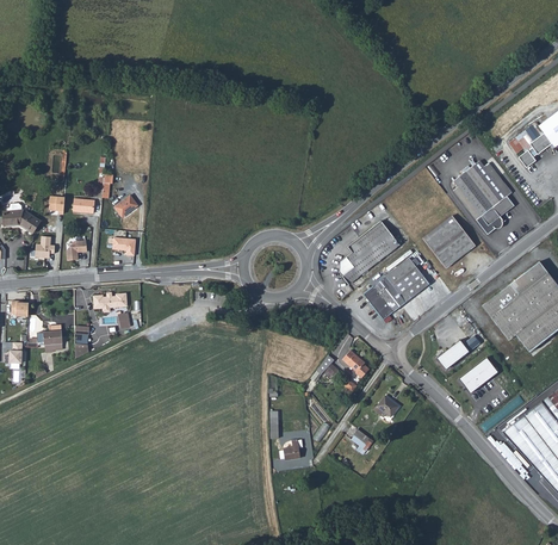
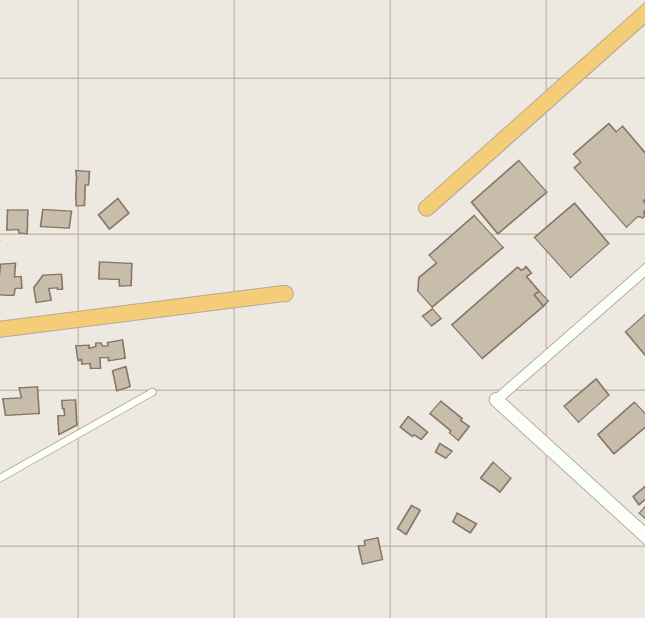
building: none -> [472,161,547,234]

